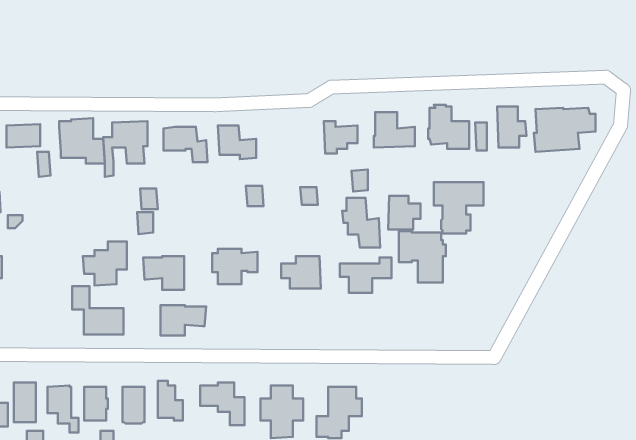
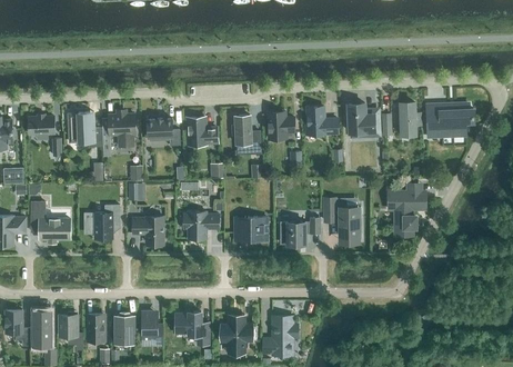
building: [434,182,484,234] -> [388,191,425,230]
building: [388,196,421,229] -> none
building: [342,198,380,248] -> [231,116,260,153]
building: [72,286,123,335] -> [30,202,69,239]
building: [161,305,206,335] -> none

